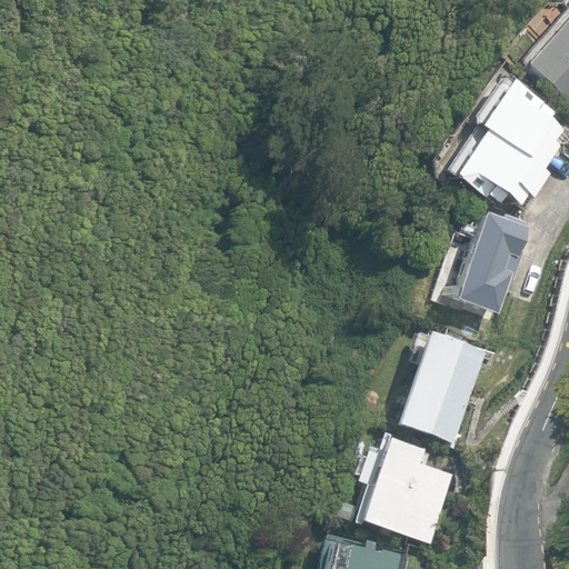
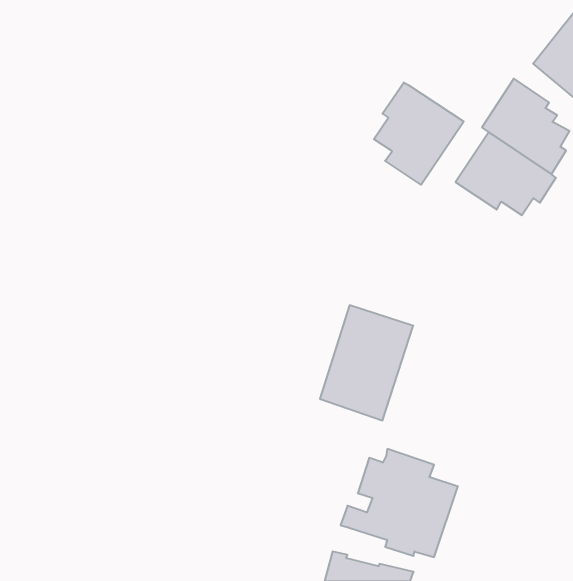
building: none -> [374,82,464,185]
building: [447,212,529,312] -> none
building: [395,330,486,442] -> [320,305,413,420]

